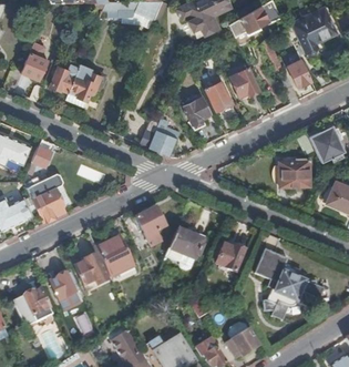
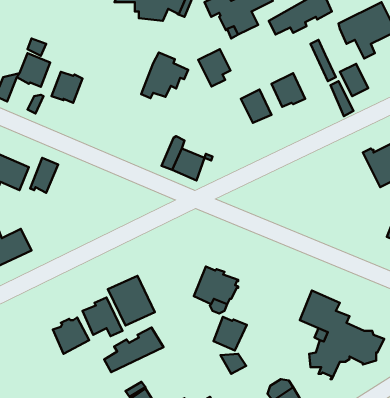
building: [65,64,104,102] -> [141,52,188,98]
building: [184,99,211,130] -> [198,49,230,87]
building: [279,160,309,187] -> none
building: [28,174,66,223] -> none
building: [133,207,165,246] -> none
building: [217,244,245,272] -> [213,317,247,350]
building: none -> [104,328,163,372]
building: [14,288,53,327] -> none

